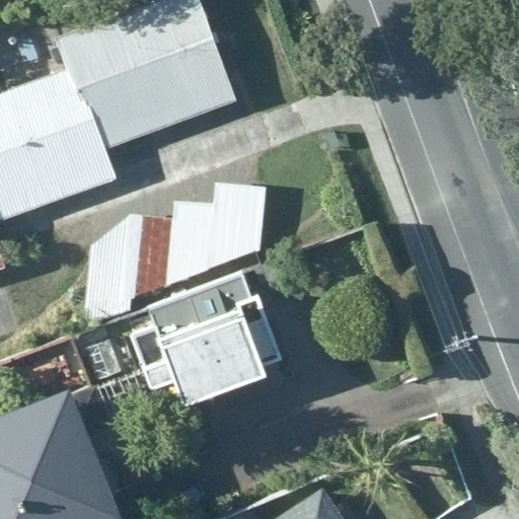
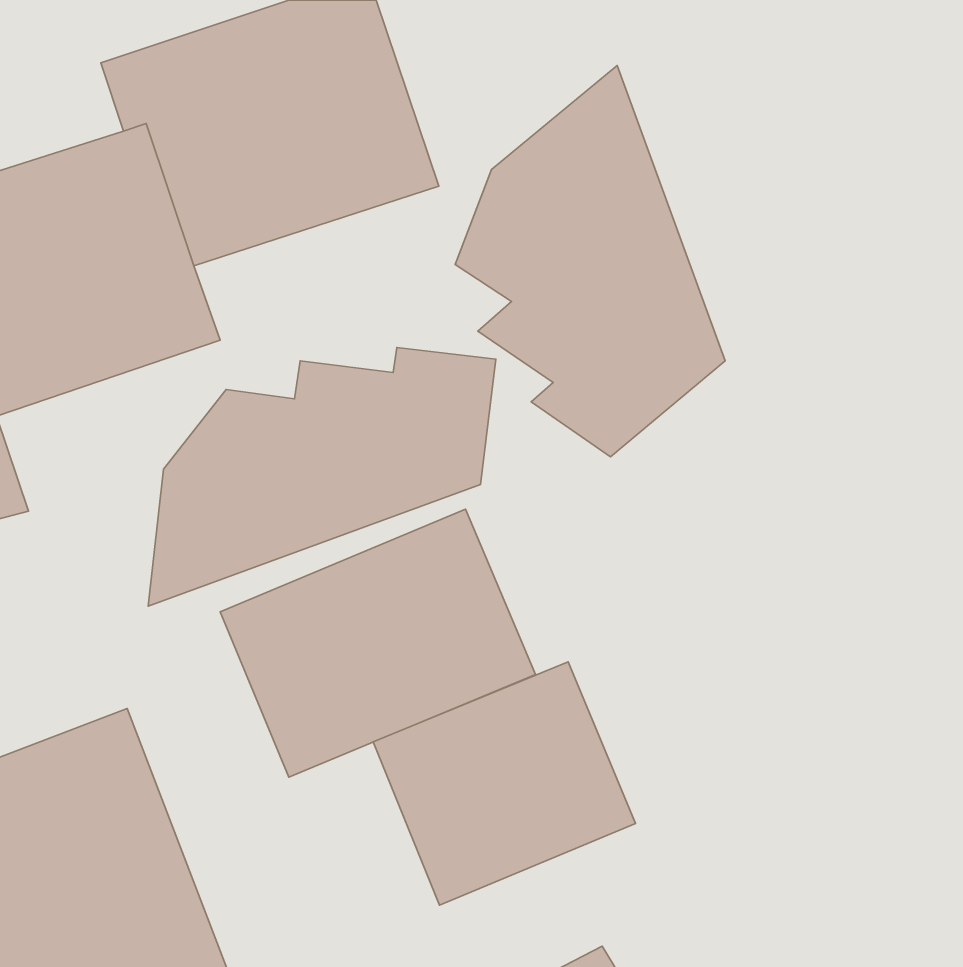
building: none -> [455,66,725,457]
building: none -> [373,662,636,905]

